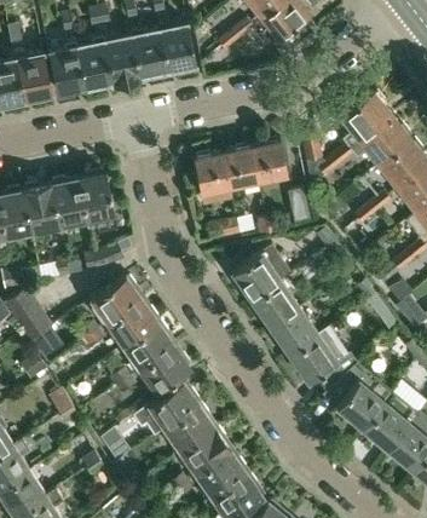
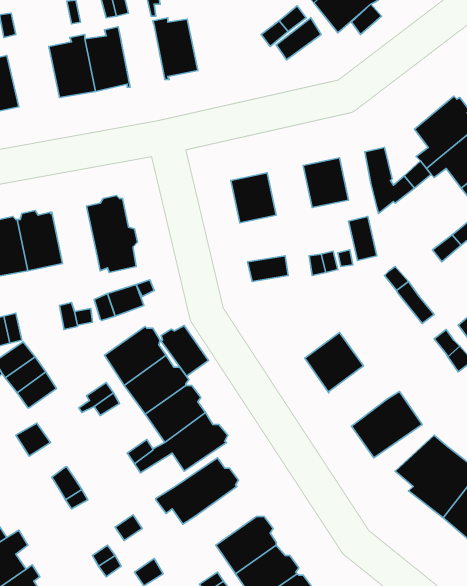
building: [158,24,196,71] -> none
building: [103,35,140,85] -> none
building: [13,53,52,100] -> none
building: [223,148,259,188] -> none
building: [50,179,86,226] -> none
building: [232,247,290,303] -> none
building: none -> [161,325,208,376]
building: [272,309,329,357] -> none
building: [165,405,214,453] -> none

